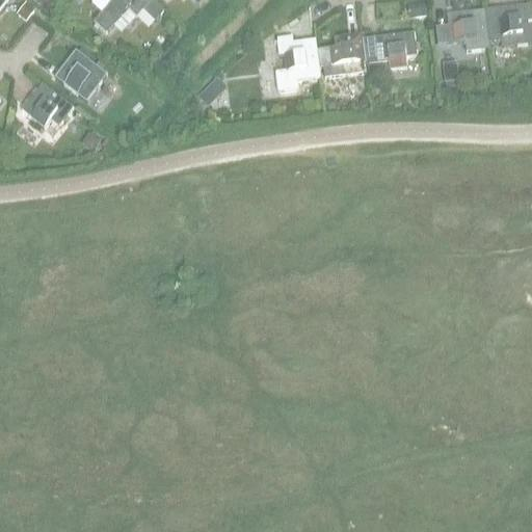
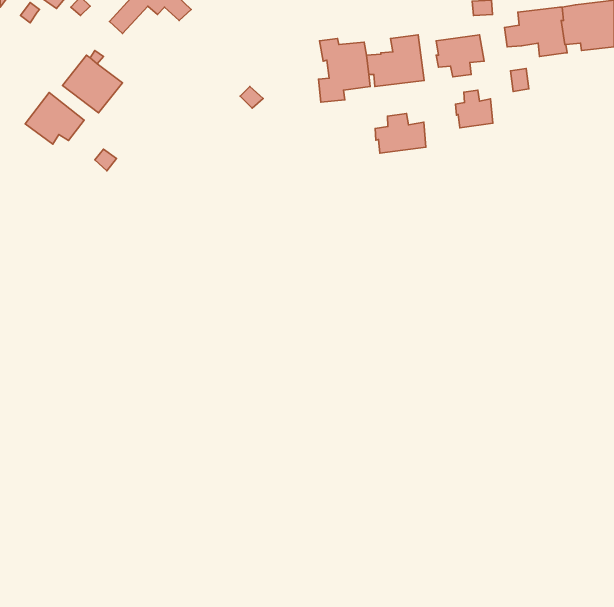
building: none -> [456,90,493,128]
building: none -> [375,114,426,153]

